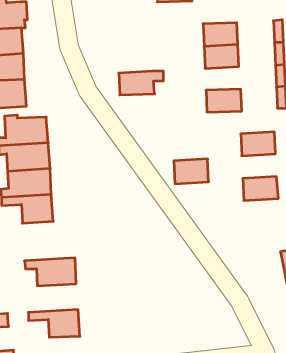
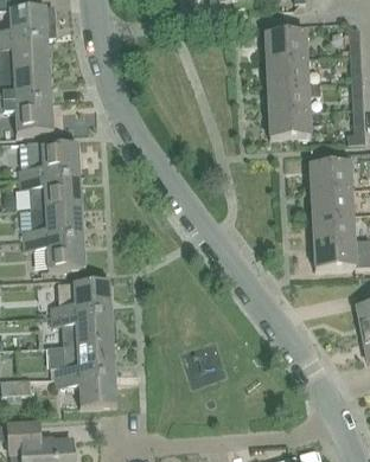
building: [119,71,163,95] -> [266,83,319,111]
building: [174,159,209,184] -> [310,187,351,217]
building: none -> [312,240,355,269]
building: none -> [50,281,110,315]
building: none -> [53,342,114,377]

